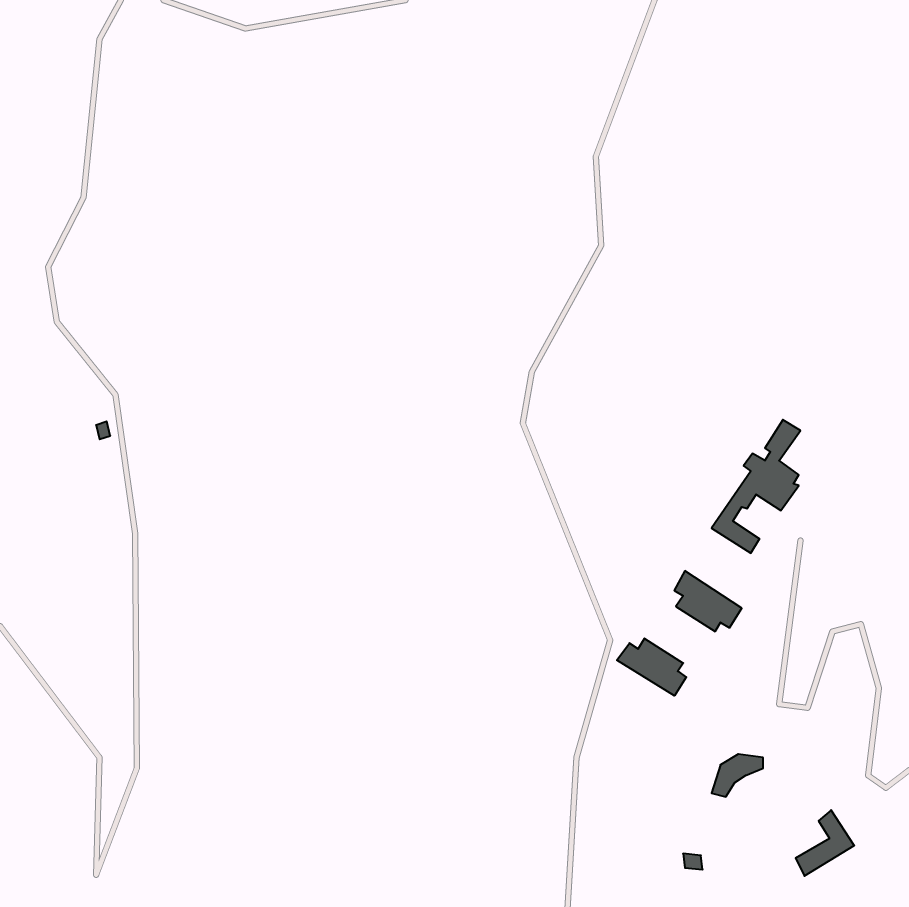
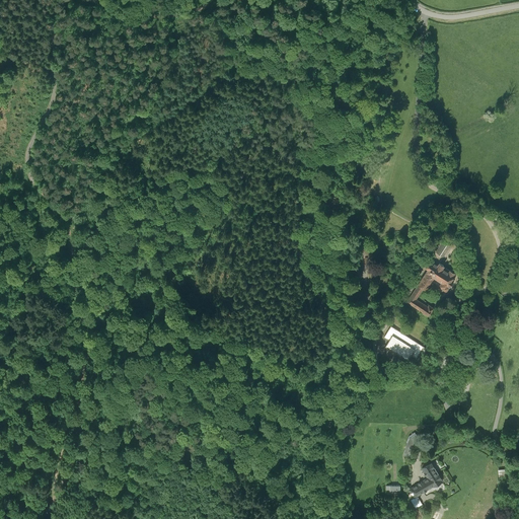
building: [617,638,686,696] -> none
building: [796,810,854,876] -> [409,464,442,502]

